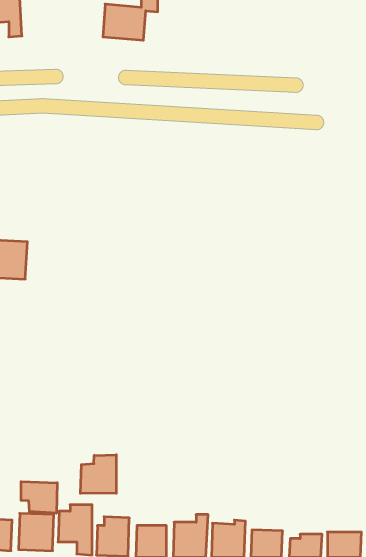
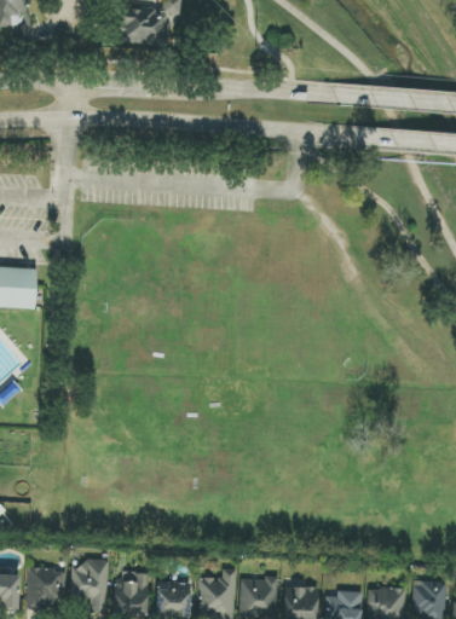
building: [80,455,116,493] -> none
building: [21,482,57,513] -> none

